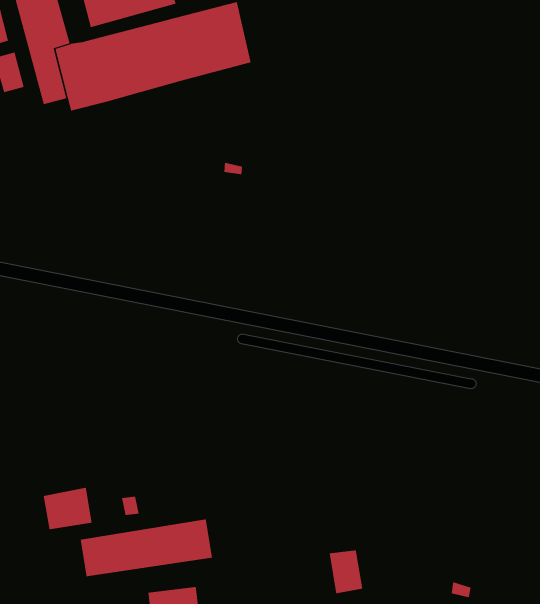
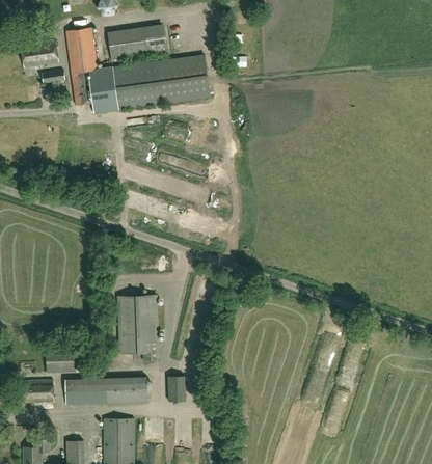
building: none -> [117,294,158,359]
building: none -> [21,380,54,403]
building: [329,550,363,594] -> [167,376,186,402]

